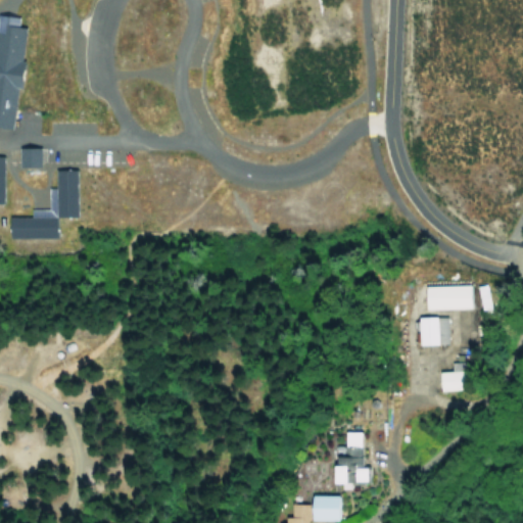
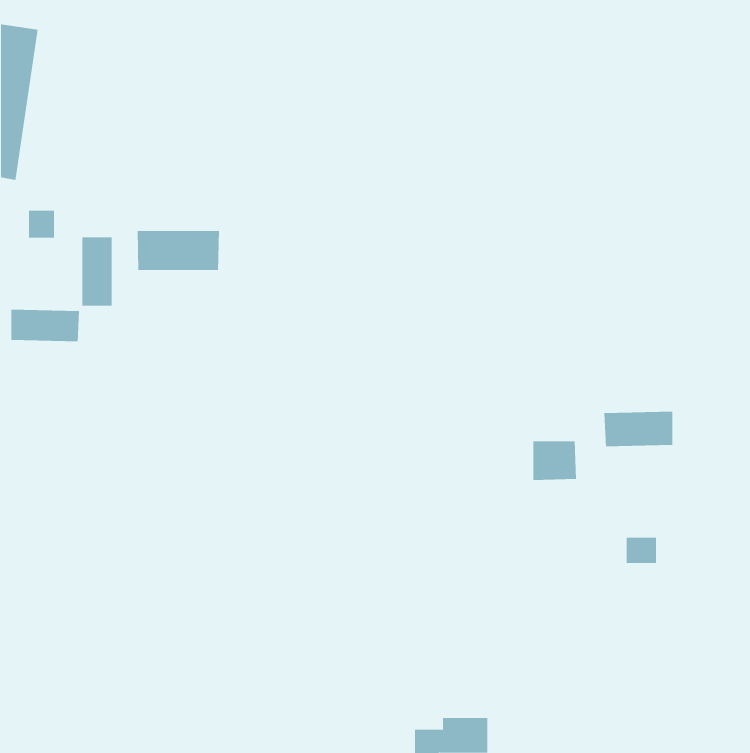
building: none -> [137,230,219,271]
building: [416,319,446,346] -> [532,441,577,481]
building: [329,433,367,485] -> none

